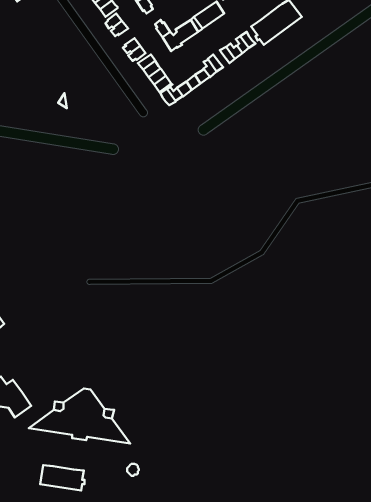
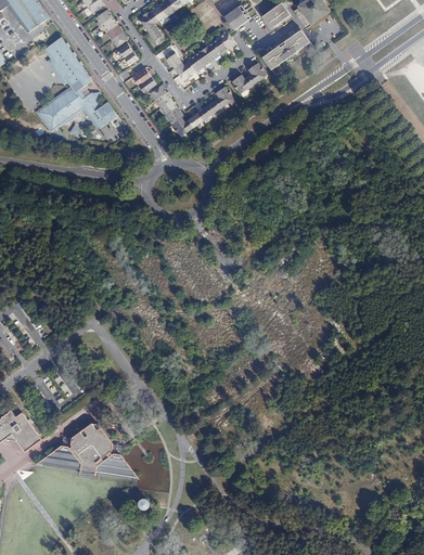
building: none -> [38,36,117,129]
building: [40,465,84,490] -> none

